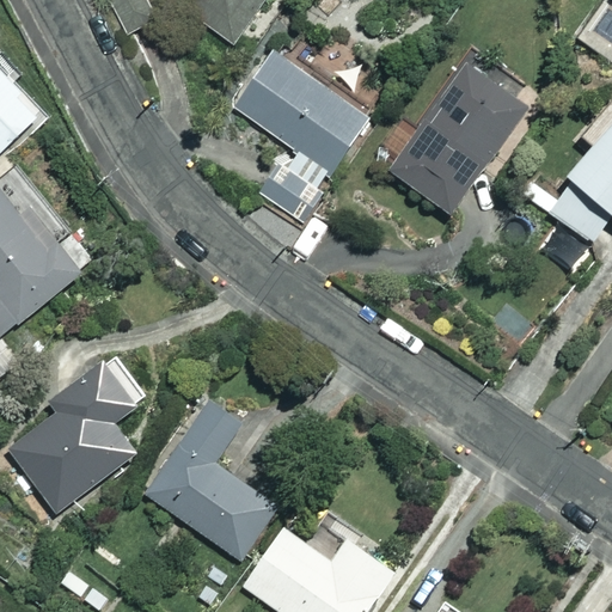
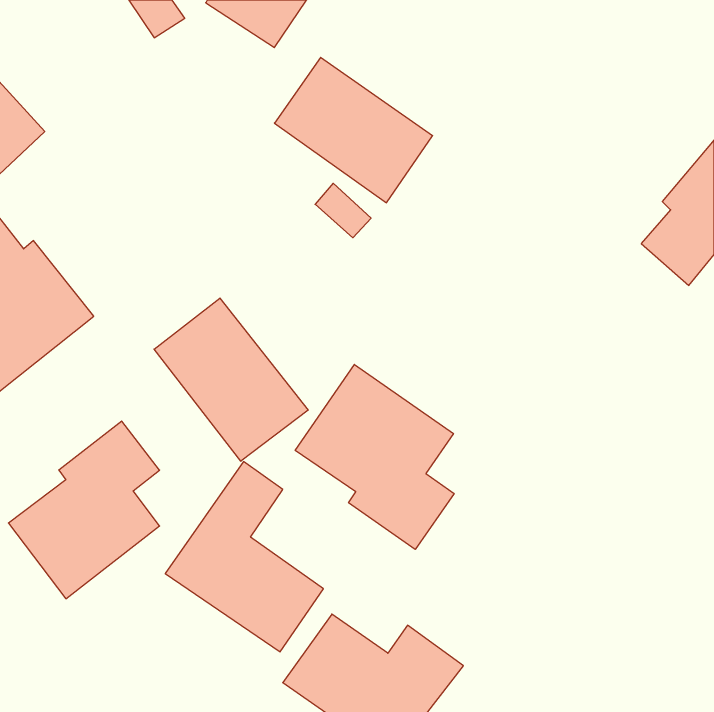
building: [390,62,528,214] -> none
building: none -> [154,298,308,461]
building: none -> [295,364,454,549]

